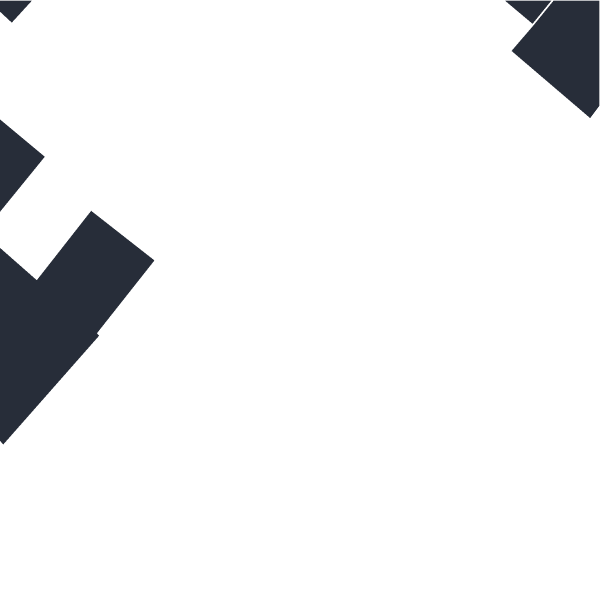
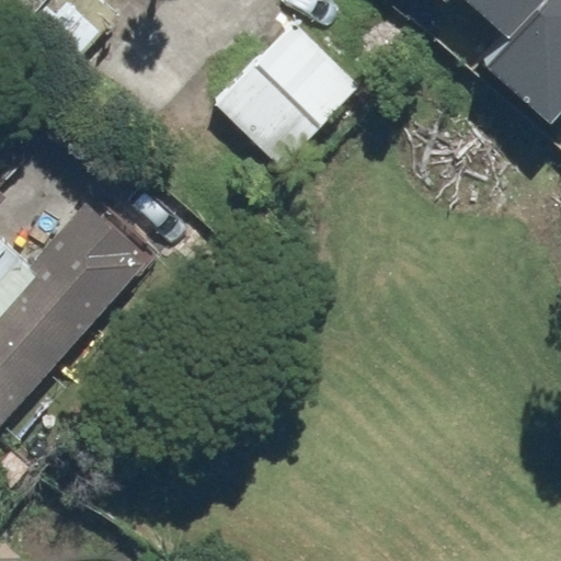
building: none -> [221,23,358,160]

